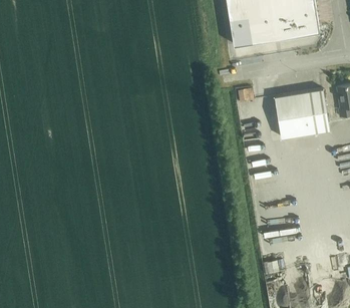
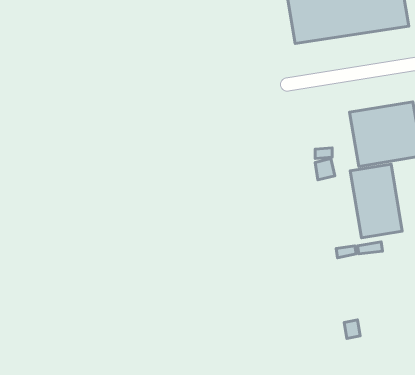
building: none -> [350,164,402,238]

